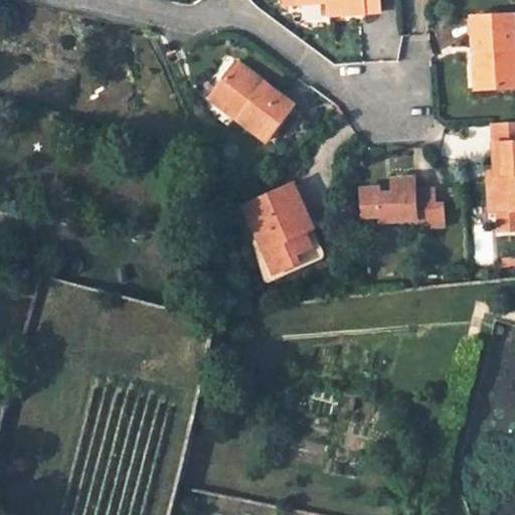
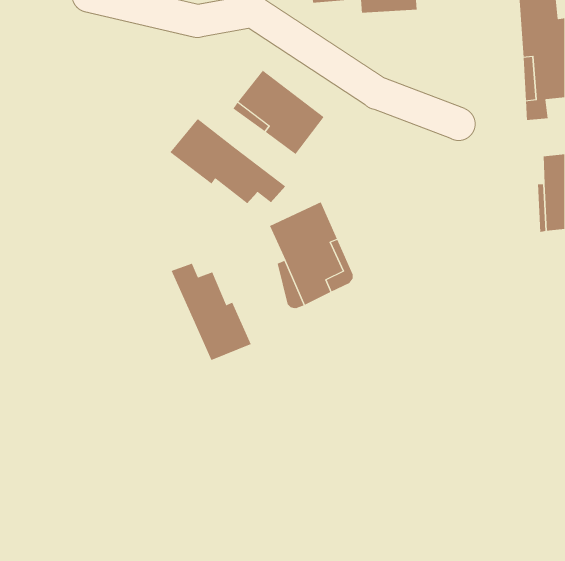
building: none -> [170,118,286,204]
building: [361,177,444,227] -> none
building: none -> [171,263,251,361]

